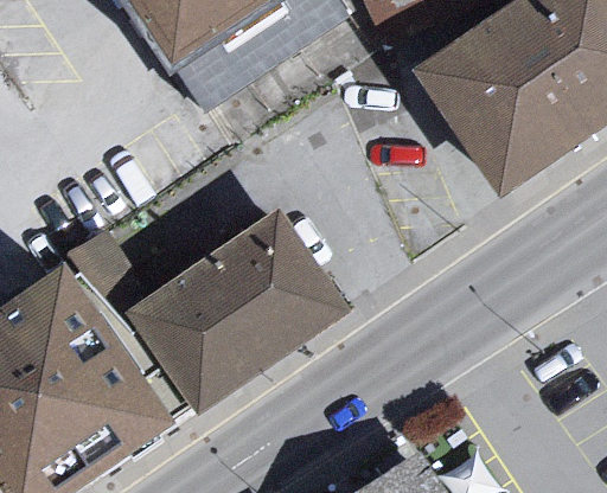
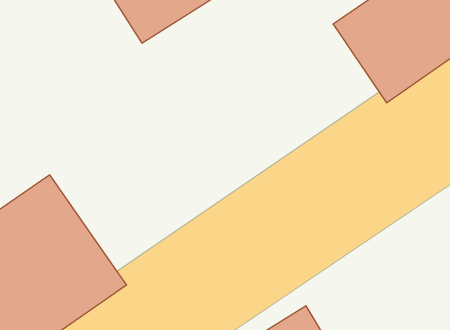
building: [145,213,339,398] -> none

